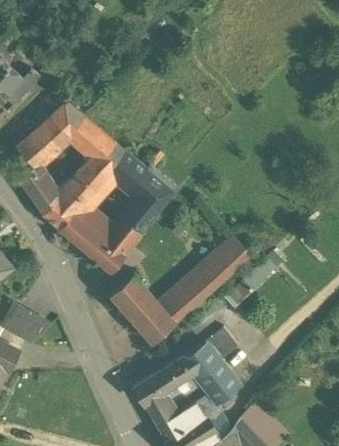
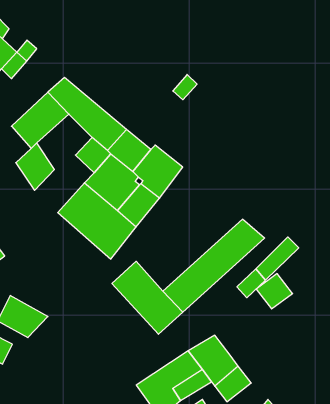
building: [38,176,93,229] -> none
building: [205,328,239,361] -> [256,274,293,309]

